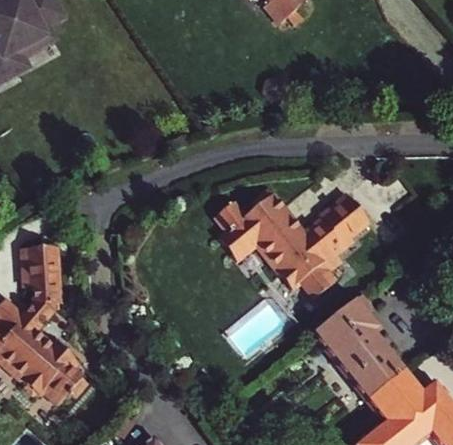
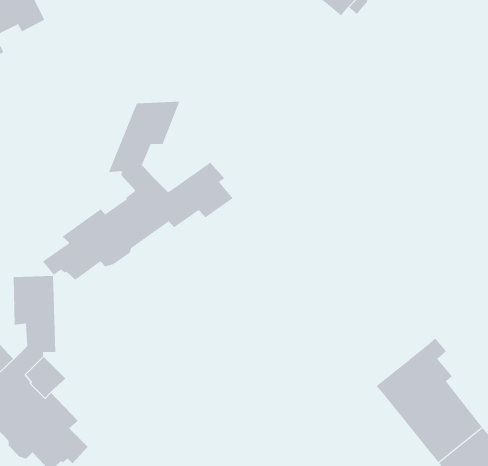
building: none -> [42,101,233,280]
building: [215,187,369,296] -> none

